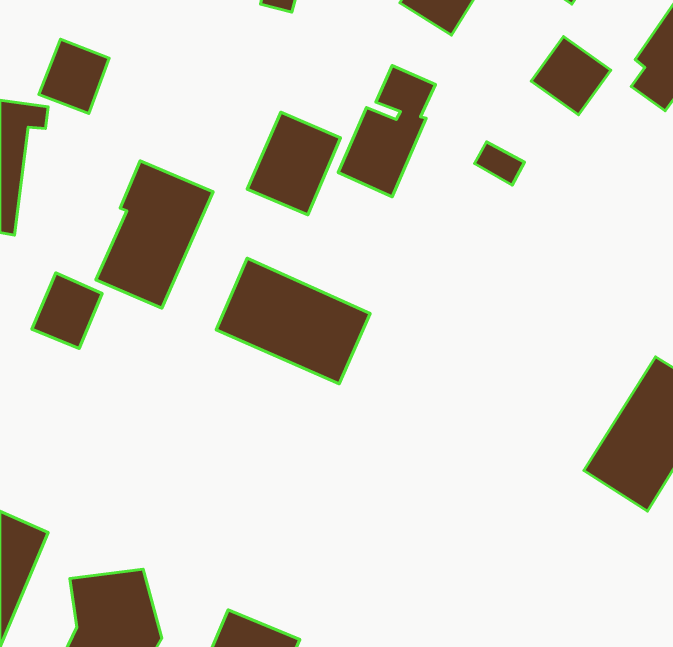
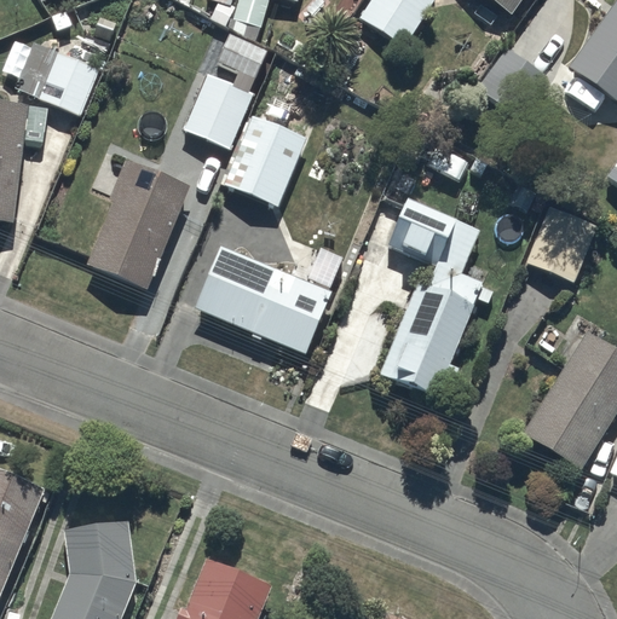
building: [338,66,436,197] -> [181,31,269,149]
building: none -> [371,187,494,403]
building: none -> [524,207,594,279]
building: [32,273,102,348] -> none

